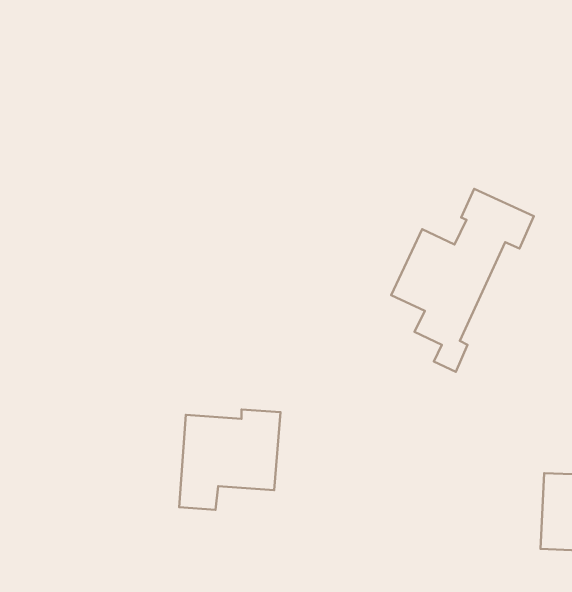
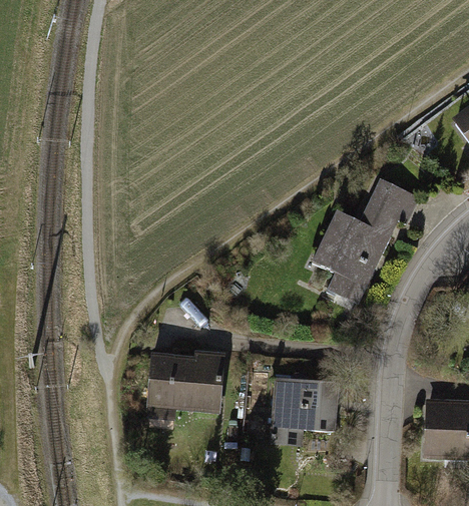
building: none -> [273,373,341,446]

